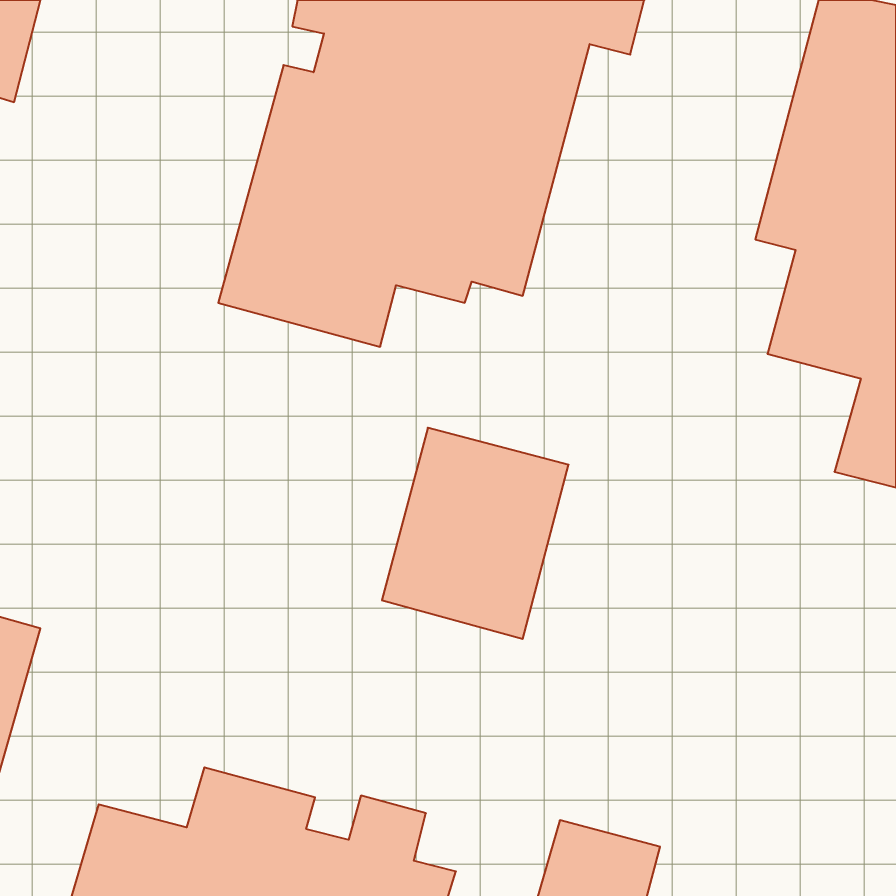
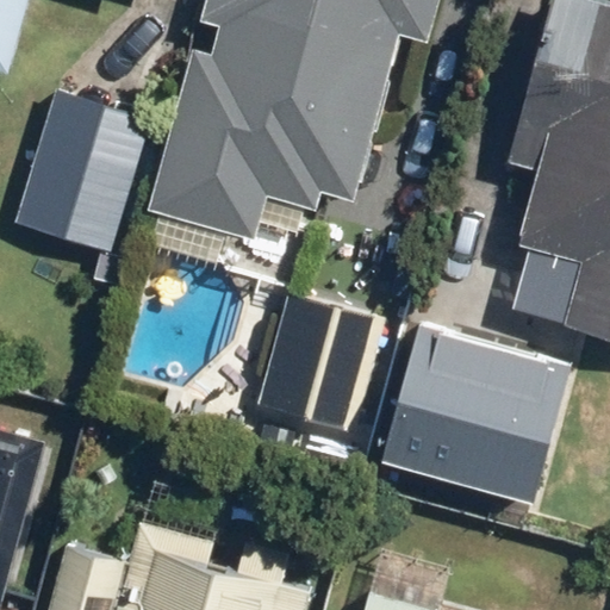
building: none -> [13,87,150,254]
building: none -> [391,341,513,484]

